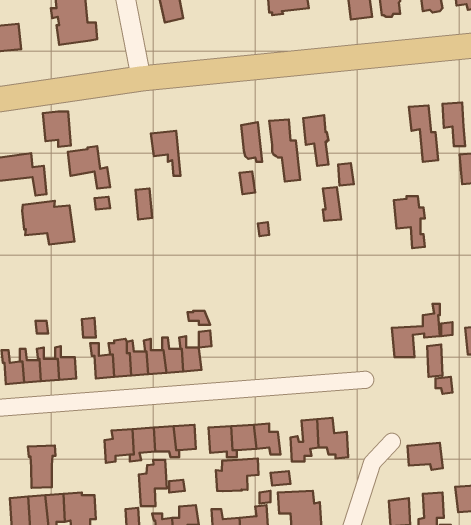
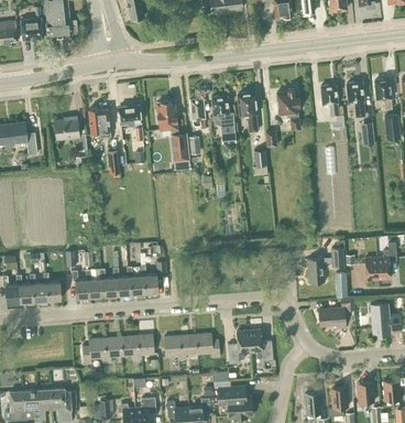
building: none -> [20,18,44,40]
building: [43,112,71,147] -> [88,109,110,137]
building: none -> [156,101,188,162]
building: [394,196,425,248] -> [276,89,300,130]
building: [22,201,74,244] -> none
building: [407,443,443,470] -> [318,308,346,329]
building: [28,445,56,488] -> none
building: [216,459,259,491] -> none
building: [139,460,167,506] -> none

